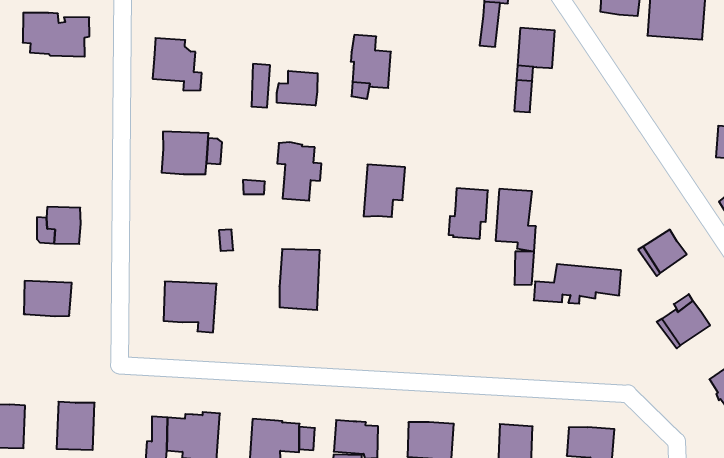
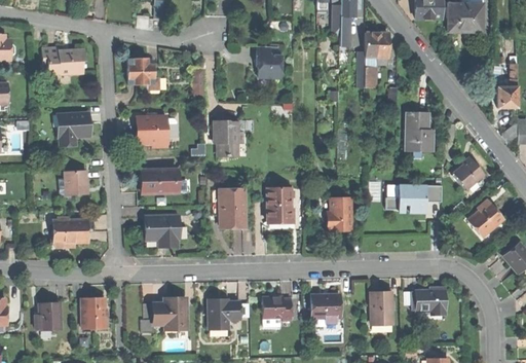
building: [277,71,318,106] -> none
building: none -> [55,112,88,145]
building: [364,165,405,217] -> [267,188,292,222]
building: [449,188,488,239] -> [328,198,351,230]
building: [496,189,536,251] -> [407,113,433,152]
building: none -> [143,170,176,193]

